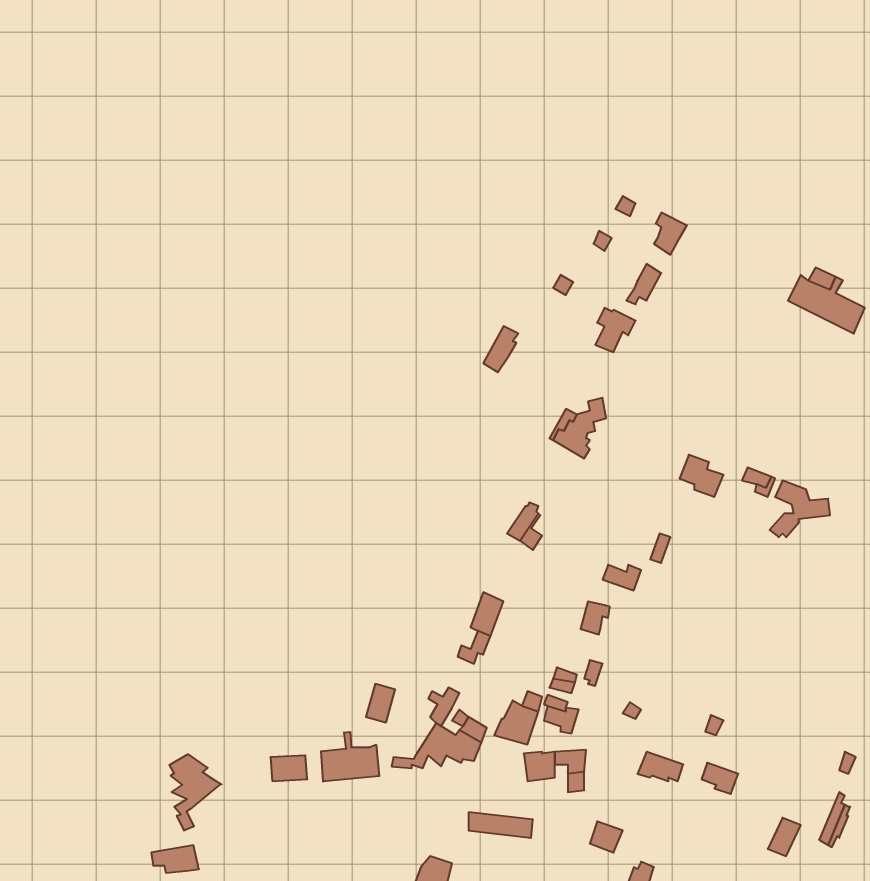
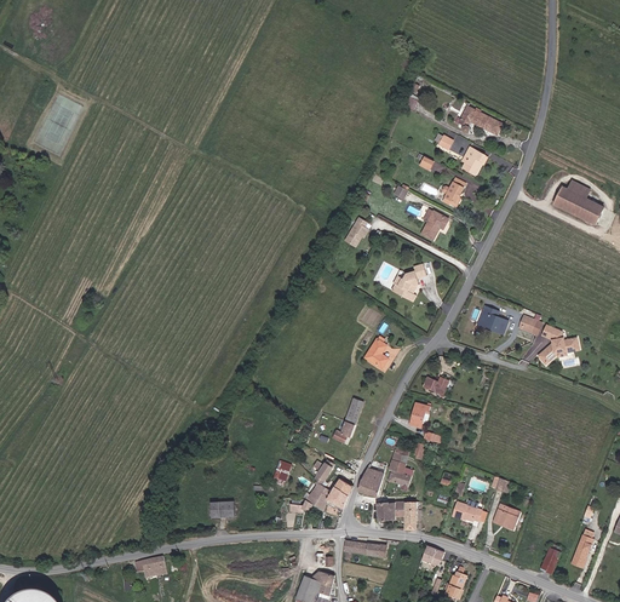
building: none -> [458,104,501,133]
building: [321,732,379,782] -> none
building: [169,754,222,831] -> none

